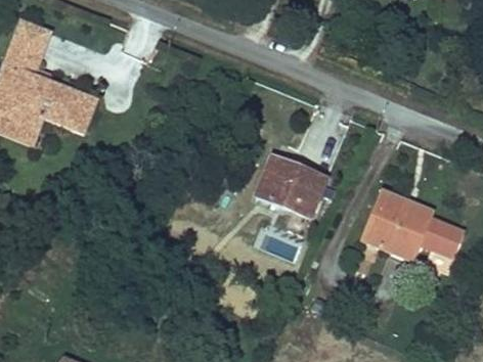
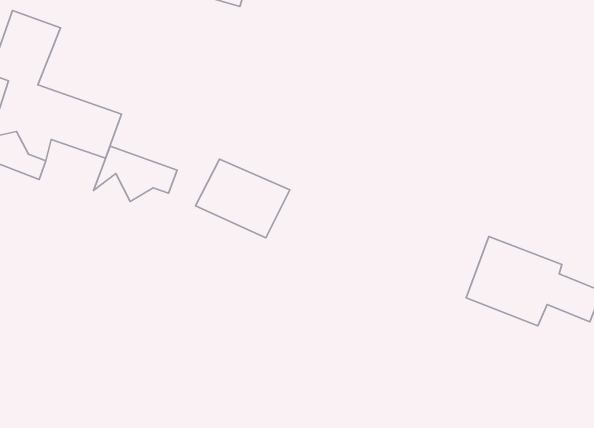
building: none -> [94,146,177,201]
building: [259,160,332,220] -> [195,159,290,238]

